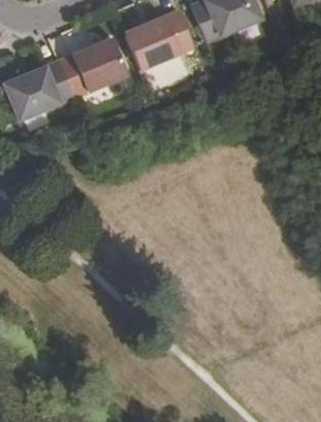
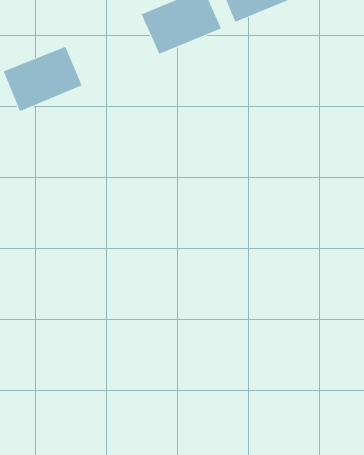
building: [59,39,127,96] -> none

